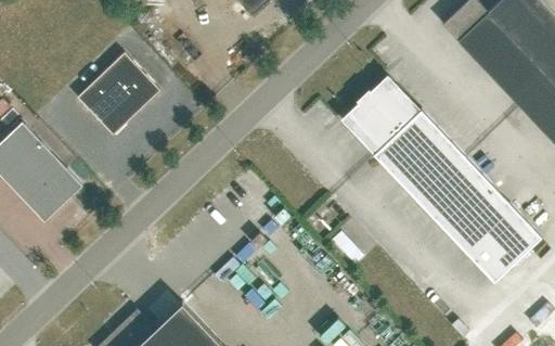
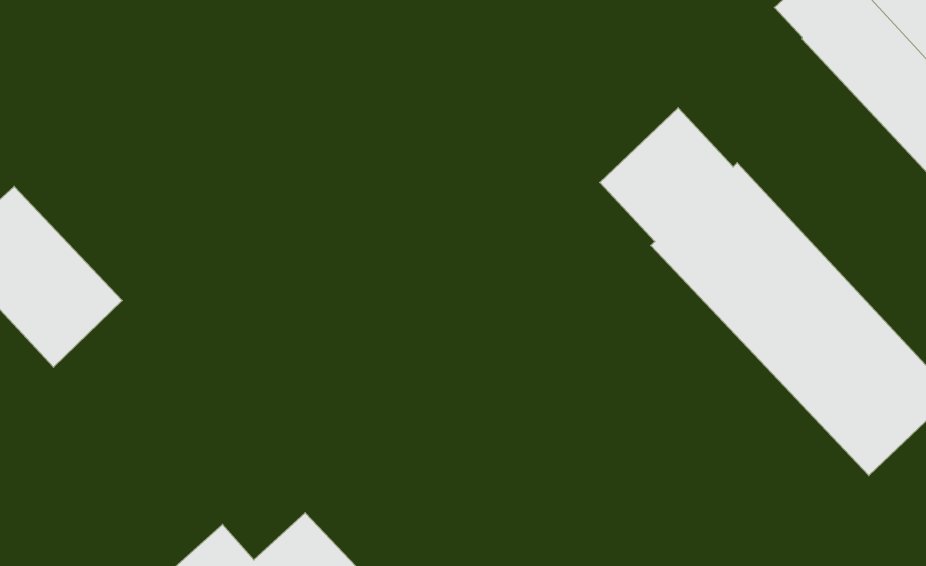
building: [77,53,160,133] -> none

